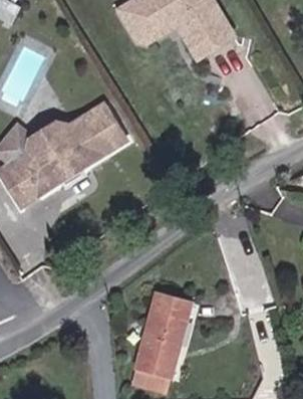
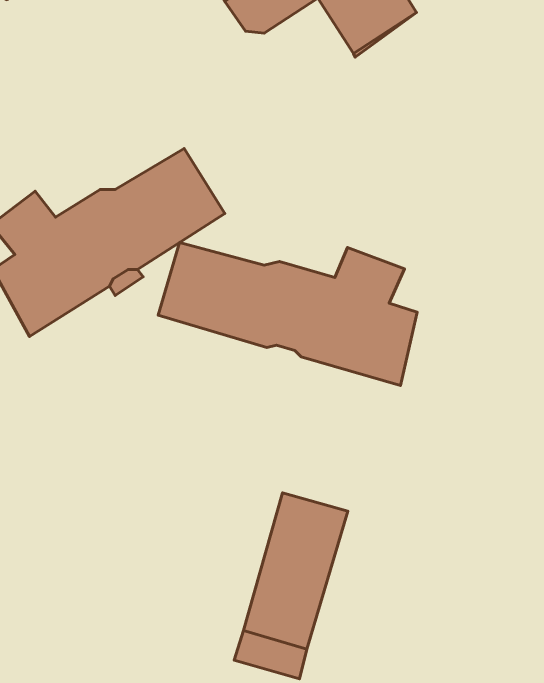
building: none -> [158,243,417,386]

